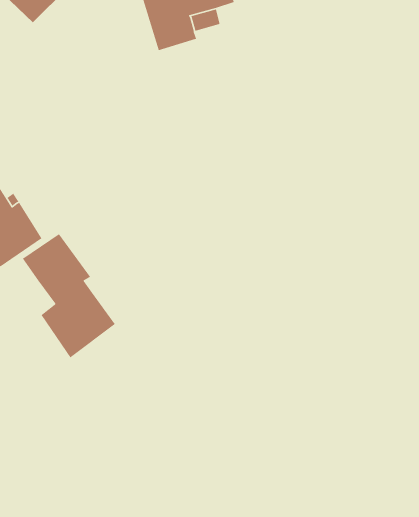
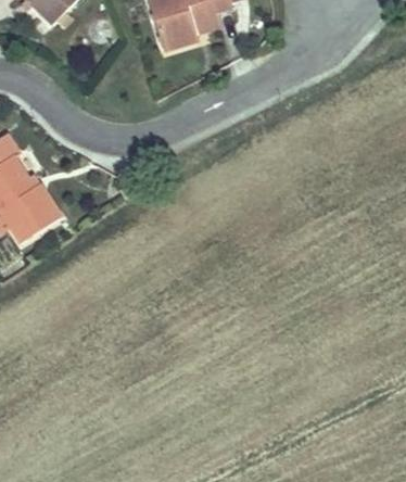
building: [22,233,116,358] -> none

